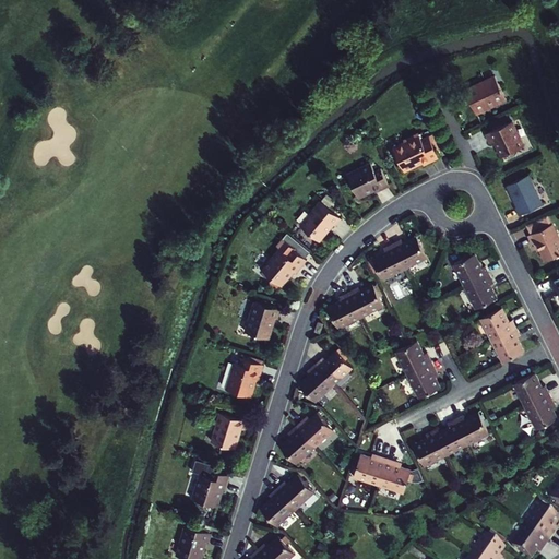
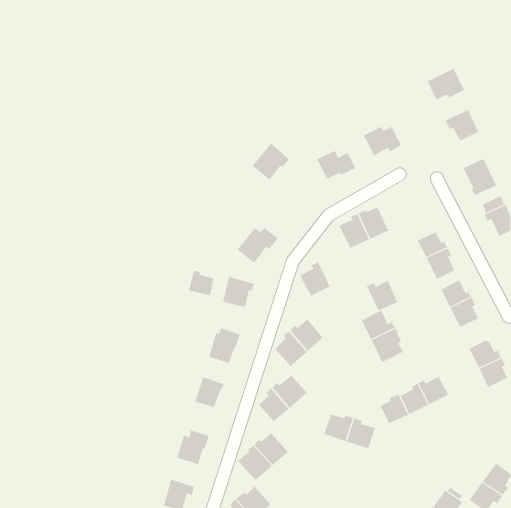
building: [300,203,342,245] -> [252,142,290,181]
building: [347,283,382,317] -> [366,280,398,311]
building: none -> [188,270,214,296]

